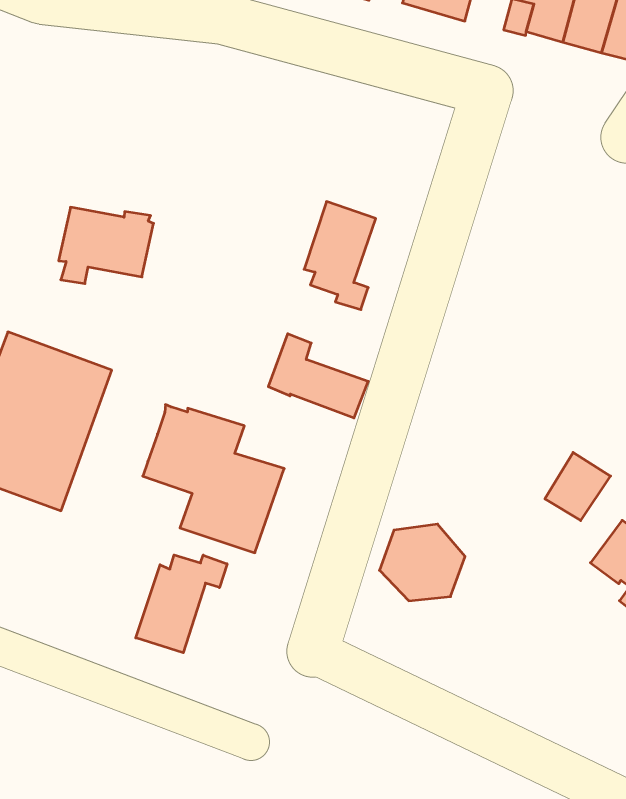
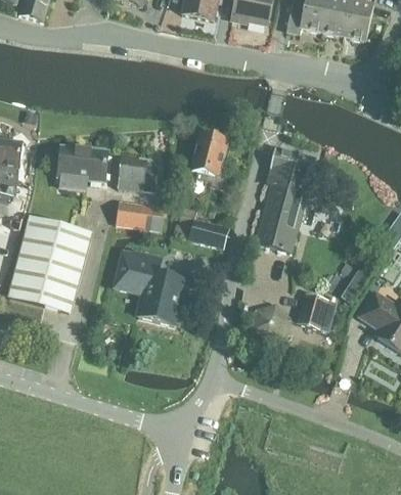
building: none -> [117,156,157,190]
building: none -> [255,147,316,252]
building: none -> [117,201,164,228]
building: none -> [298,291,337,330]
building: [136,555,227,653] -> none

